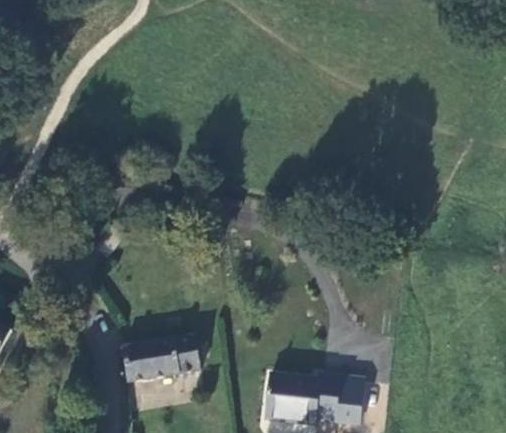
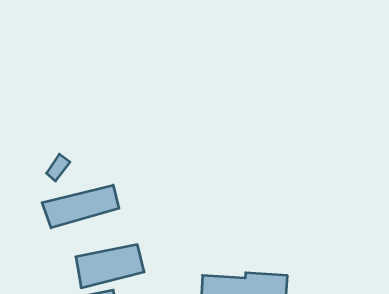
building: none -> [42,185,119,228]

